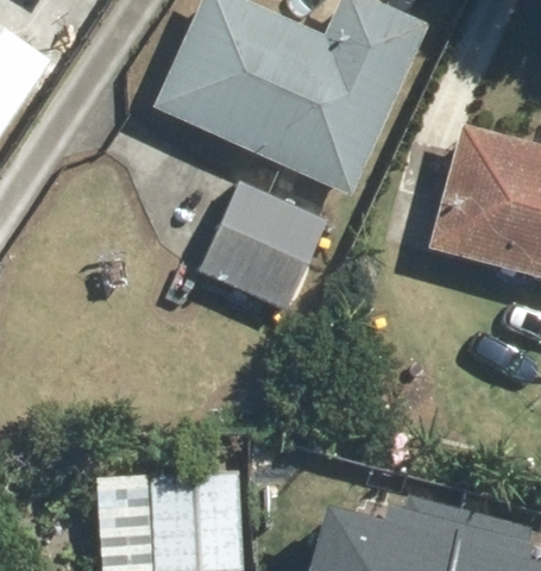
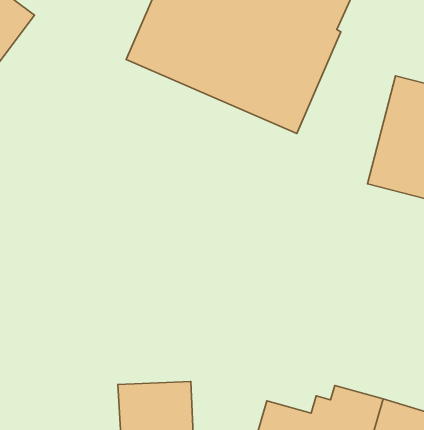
building: [199,181,323,307] -> none

